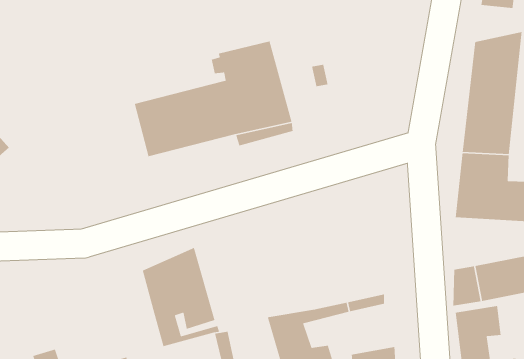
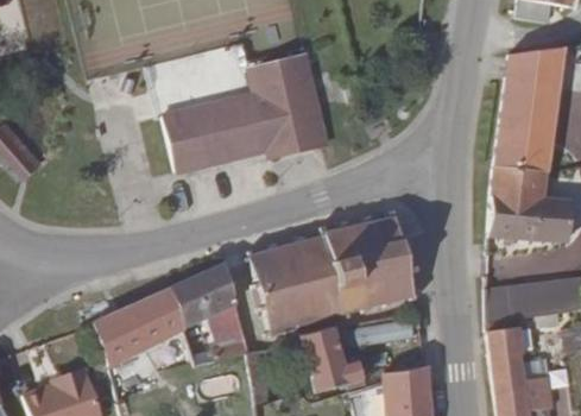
building: none -> [245,212,423,339]
building: none -> [93,289,182,368]

